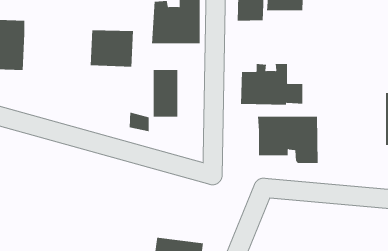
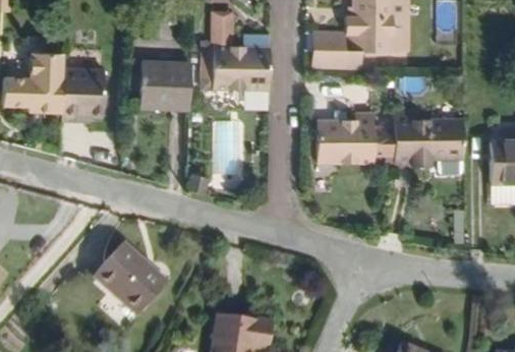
building: none -> [62,74,106,127]
building: [257,116,319,164] -> [391,116,463,172]
building: none -> [96,240,168,309]

